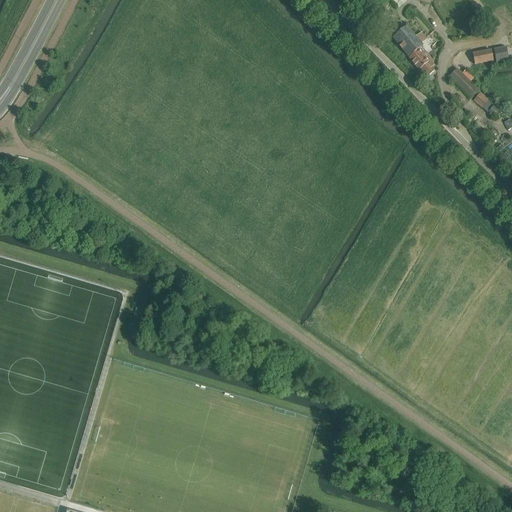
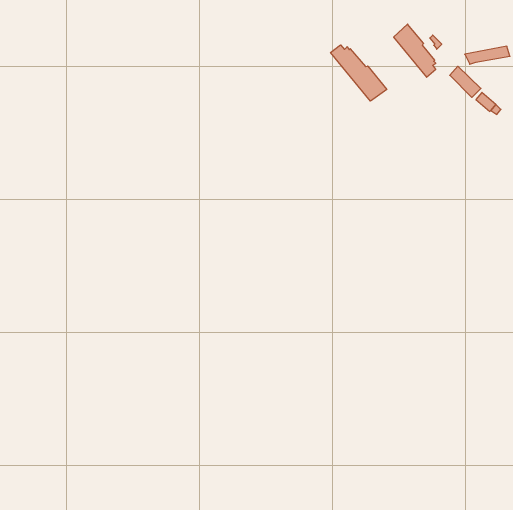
building: none -> [331,45,387,101]

